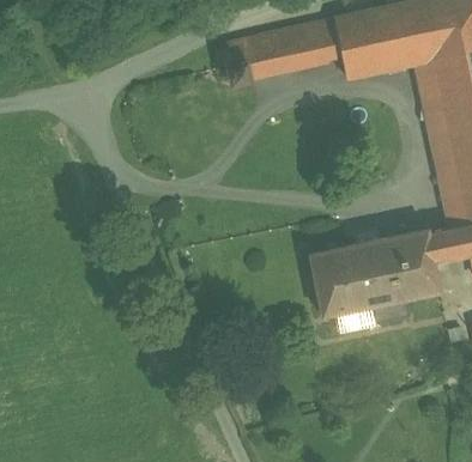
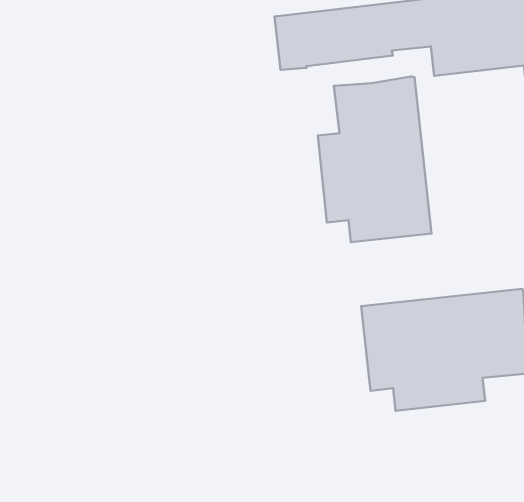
building: none -> [318,77,431,242]

